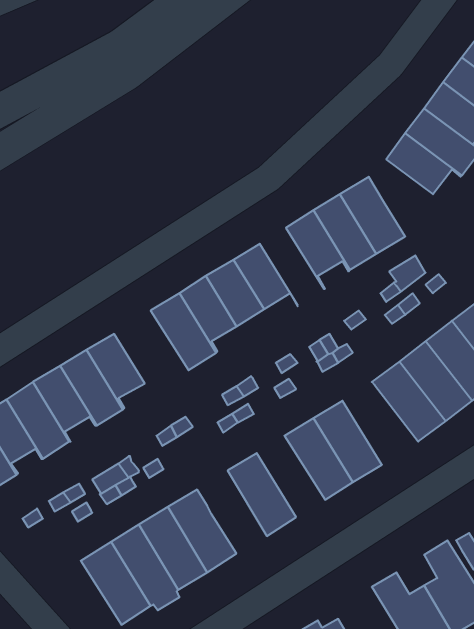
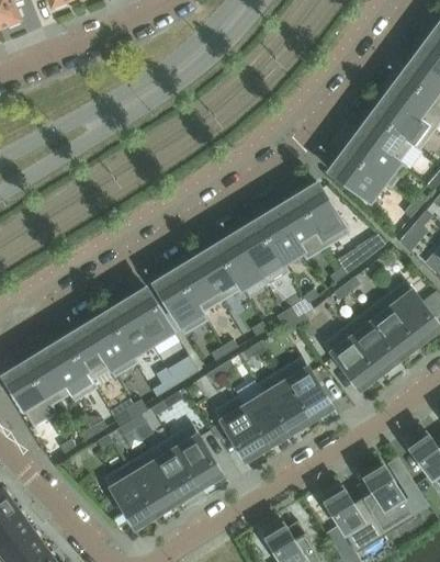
building: none -> [237,226,285,284]
building: none -> [127,293,171,344]
building: none -> [235,383,286,445]

